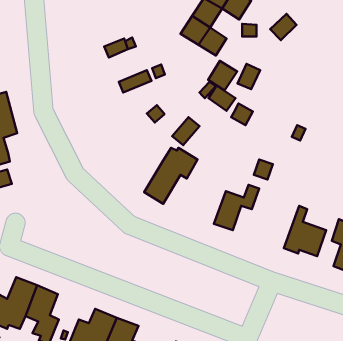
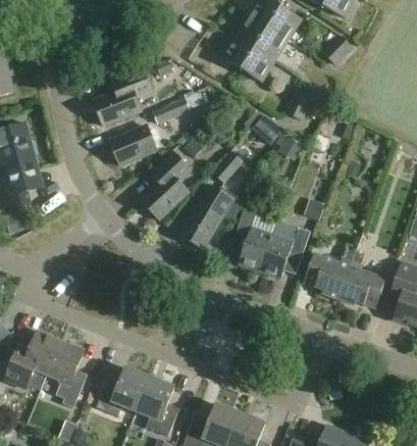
building: none -> [93,87,141,125]
building: [208,61,237,91] -> [255,29,288,62]
building: none -> [109,127,157,165]
building: none -> [141,152,190,219]
building: none -> [236,208,272,271]
building: none -> [303,248,355,299]

